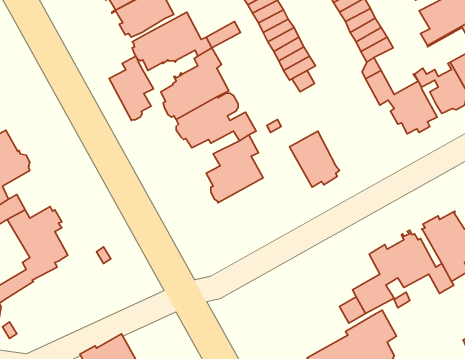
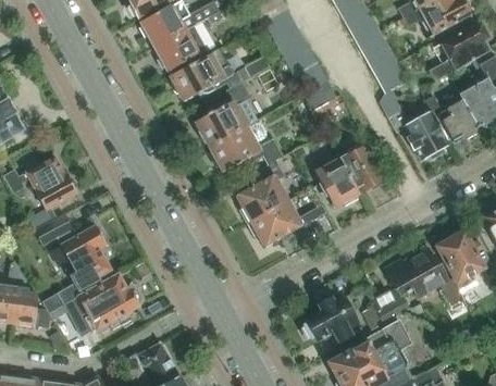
building: [109,56,153,121] -> none
building: none -> [339,145,384,192]
building: none -> [248,199,326,246]
building: none -> [53,273,139,334]
building: none -> [303,297,360,344]

